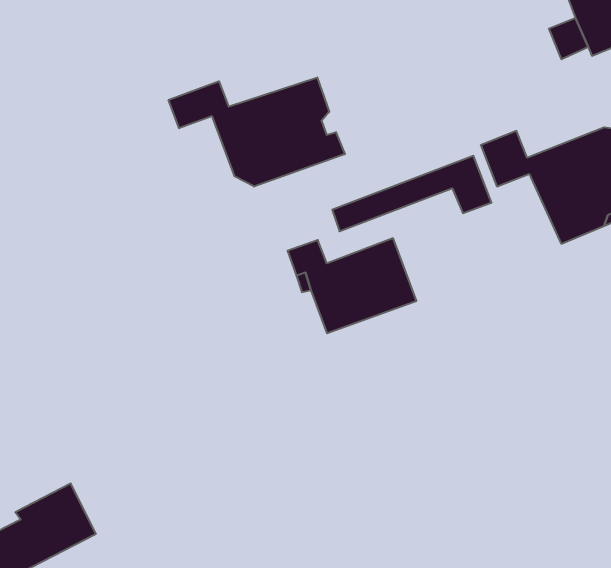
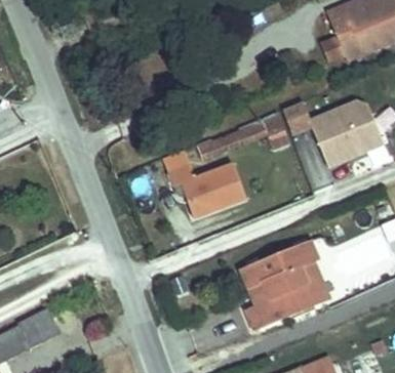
building: [169,77,345,187] -> none
building: none -> [242,241,328,329]

